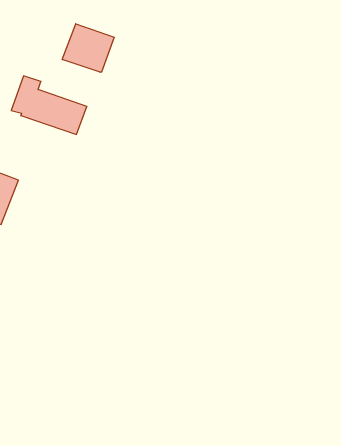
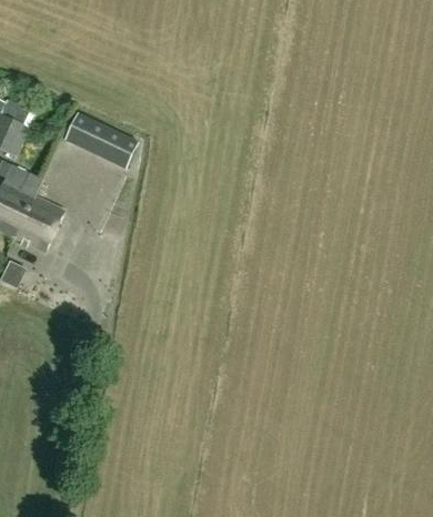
building: [62,24,114,72] -> none

